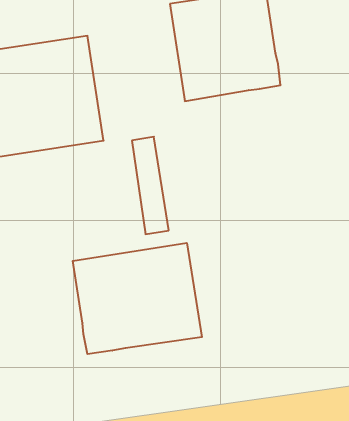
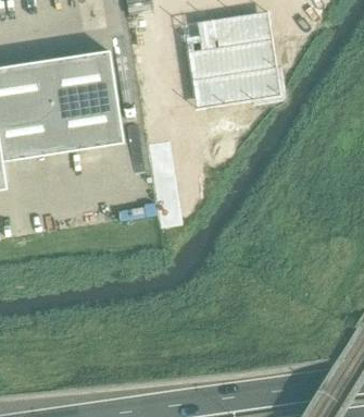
building: [73,243,202,354] -> none

